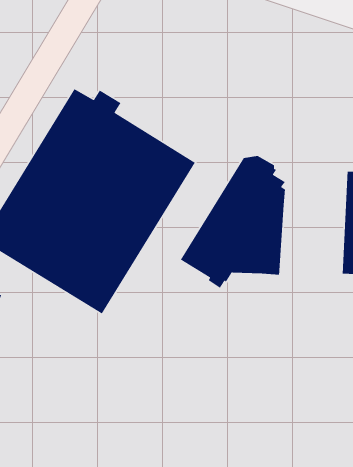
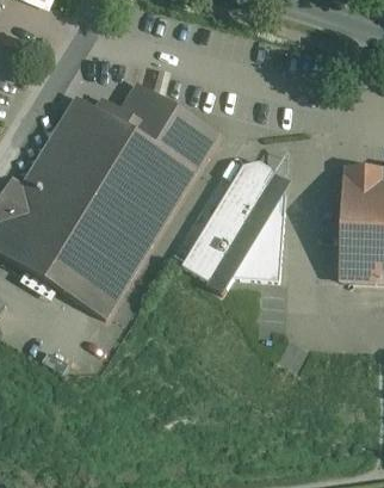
building: none -> [118,92,218,167]

